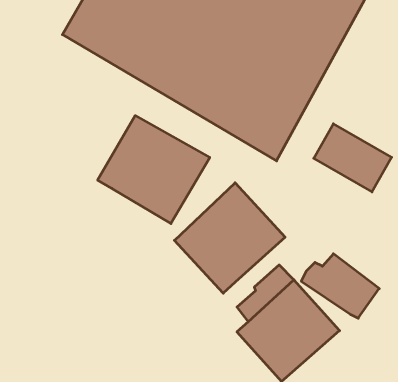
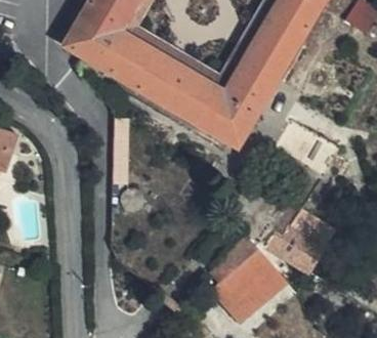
building: [98,116,210,224] -> none
building: [174,183,285,293] -> none

